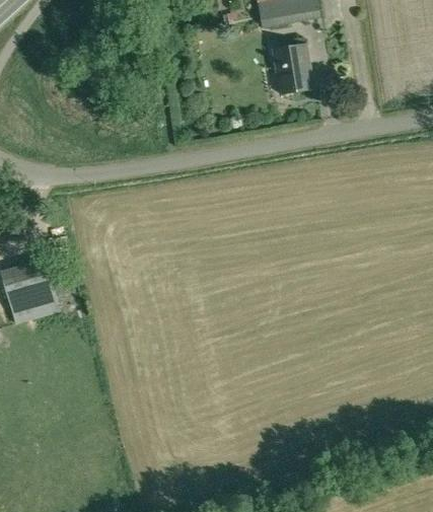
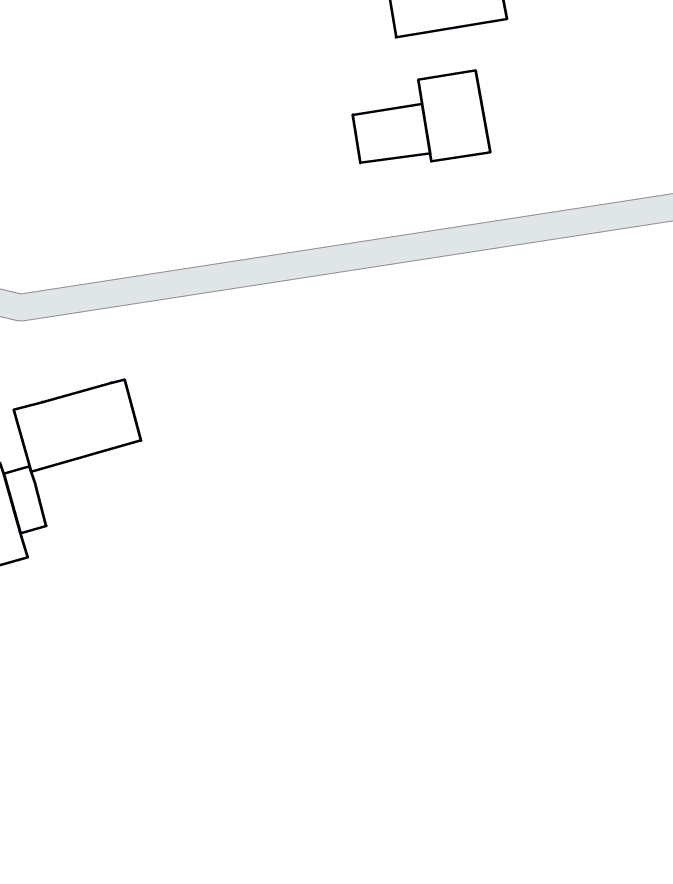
building: none -> [353,104,430,163]
building: none -> [14,380,141,472]

